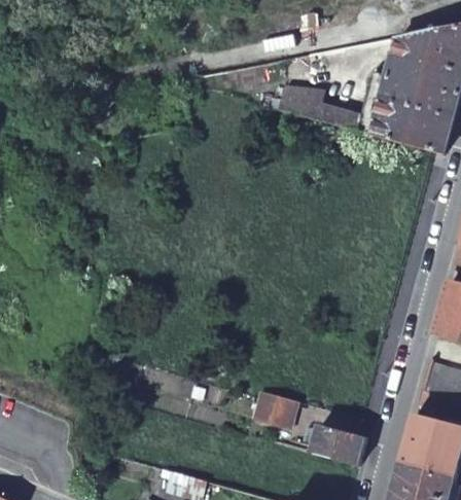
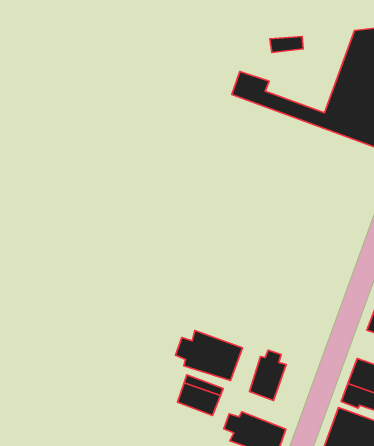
building: none -> [175,331,243,381]
building: none -> [249,350,286,400]

